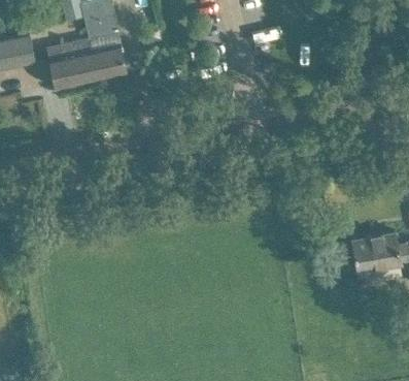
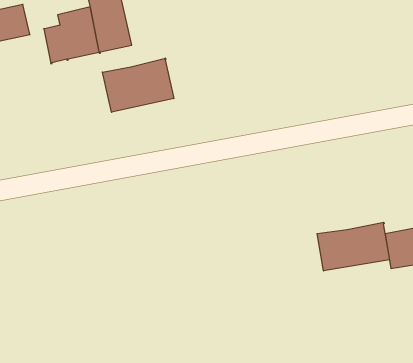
building: none -> [102,58,174,112]
building: none -> [317,222,389,271]

